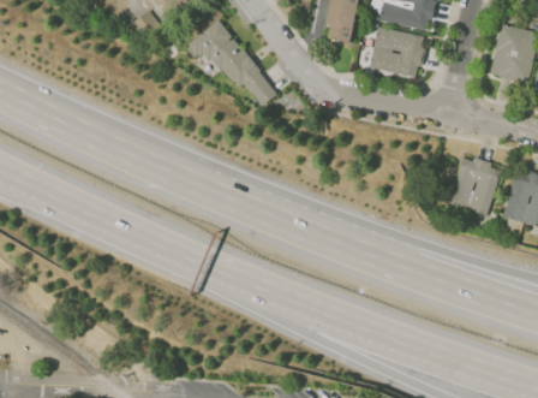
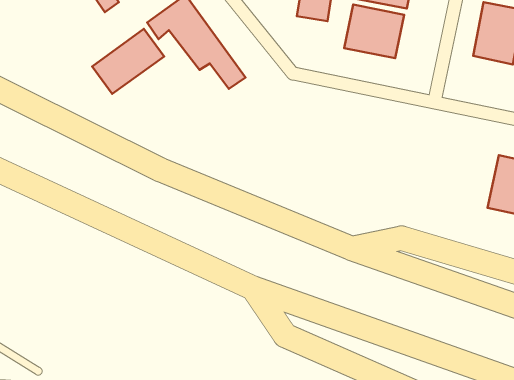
building: none -> [92,29,164,94]
building: [446,155,500,215] -> none

